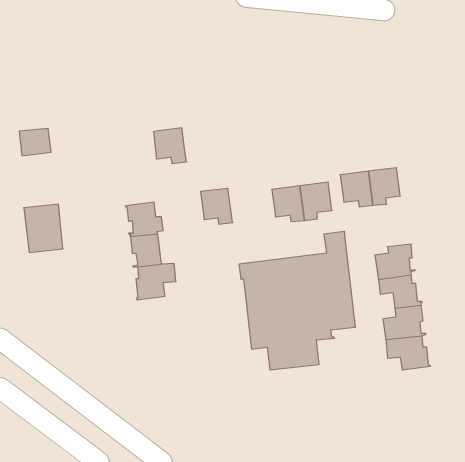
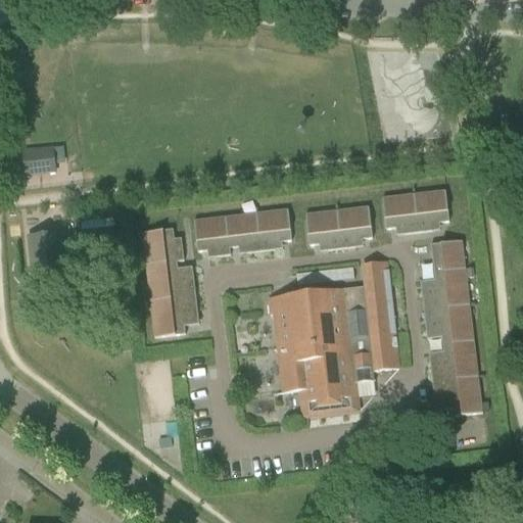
building: [154,128,186,163] -> [194,215,231,254]
building: none -> [256,207,292,249]
building: none -> [431,238,466,277]

